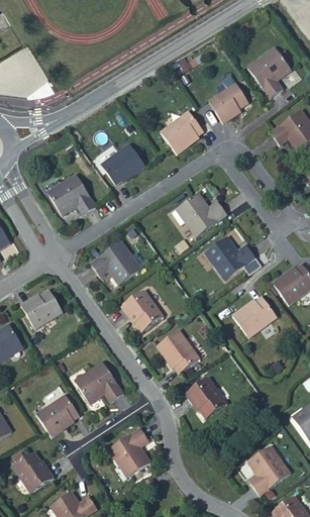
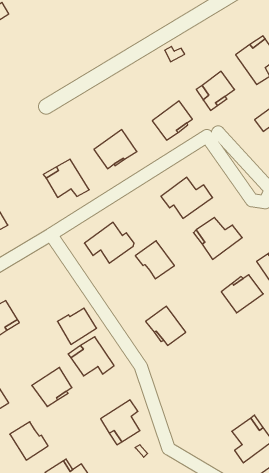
building: [20,291,62,329] -> [57,308,97,344]
building: [121,291,163,331] -> [135,241,174,279]
building: [185,379,225,418] -> none

